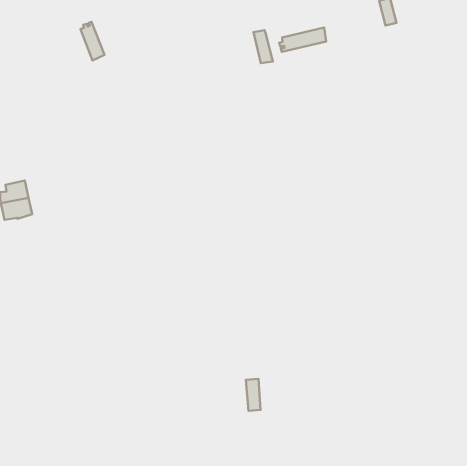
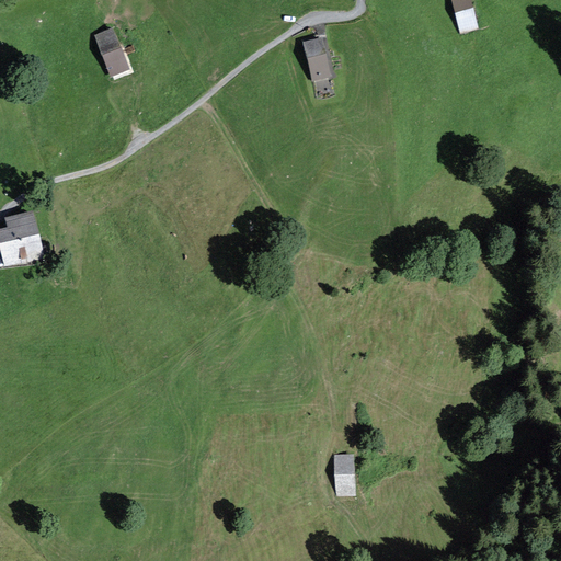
building: [279,27,326,52] -> none
building: [246,379,260,411] -> [334,455,352,493]

